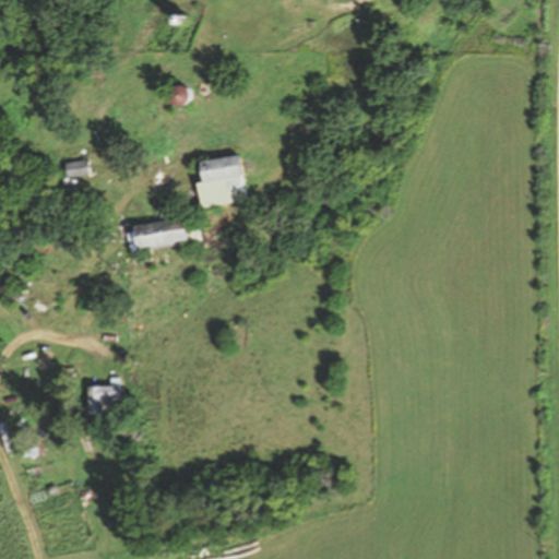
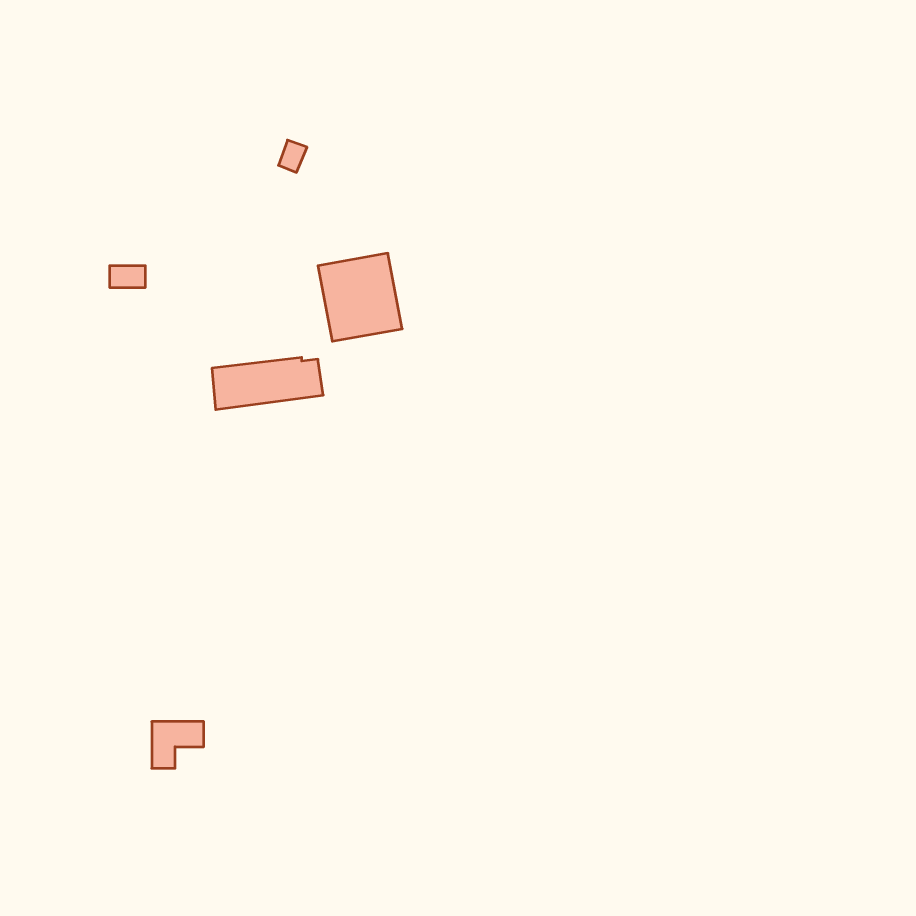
building: [88,384,120,413] -> [152,722,204,768]

